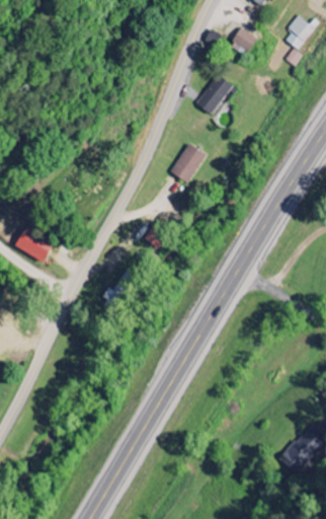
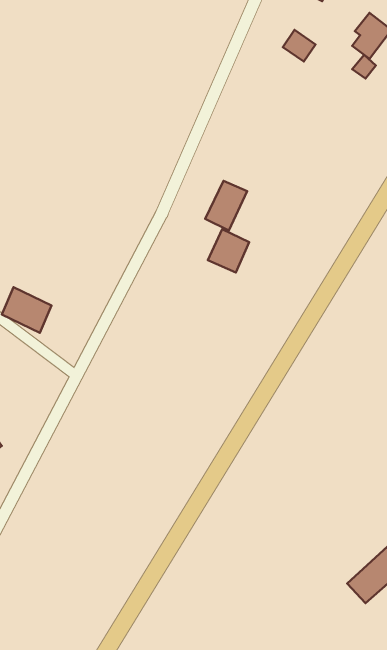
building: [195,75,232,116] -> none
building: none -> [208,229,249,273]

